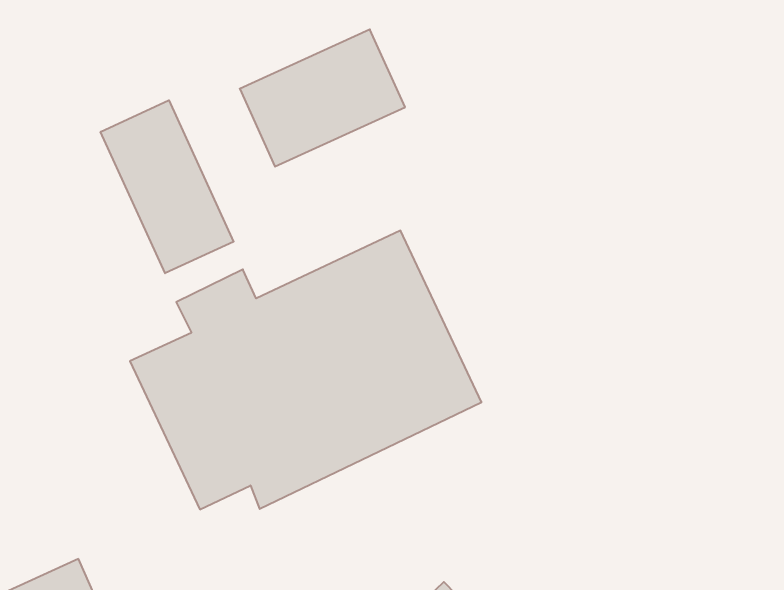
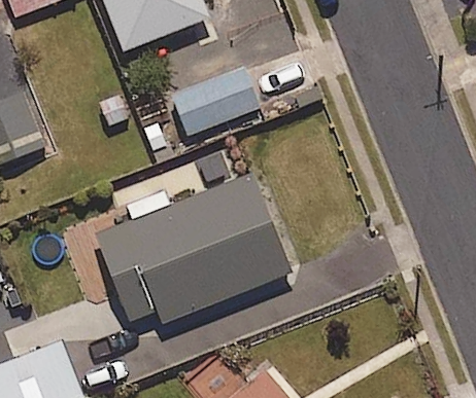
building: [101,100,234,273] -> none

